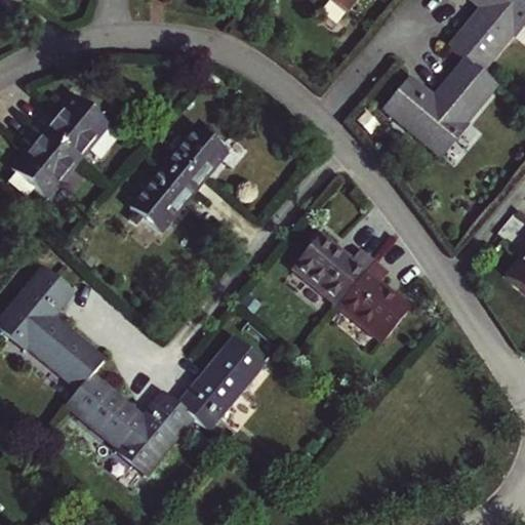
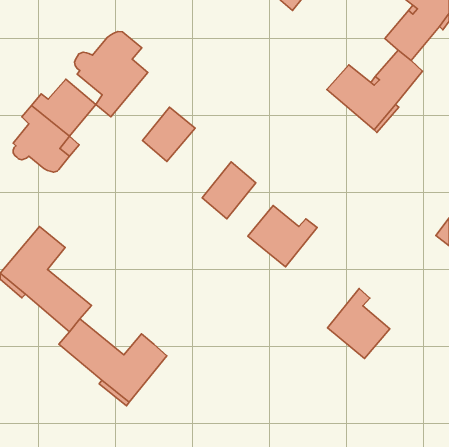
building: none -> [74,32,148,117]
building: [132,164,195,231] -> [202,162,256,219]
building: [333,266,406,348] -> [328,288,390,359]
building: [179,335,265,427] -> none

